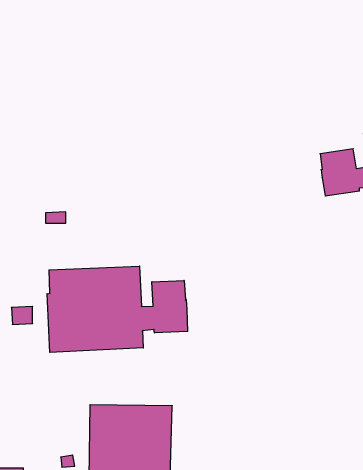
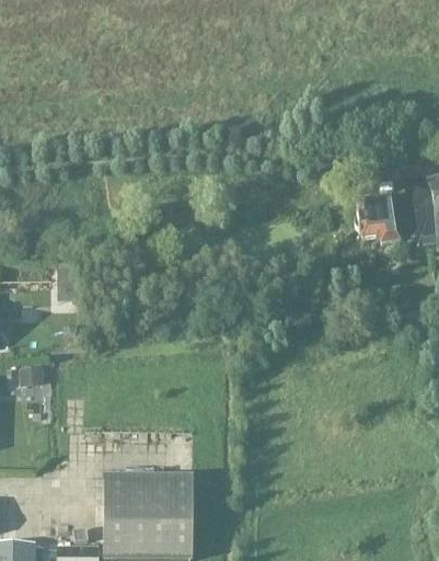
building: [47,266,188,352] -> none

